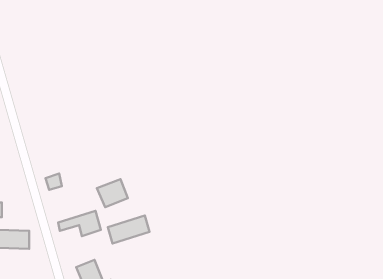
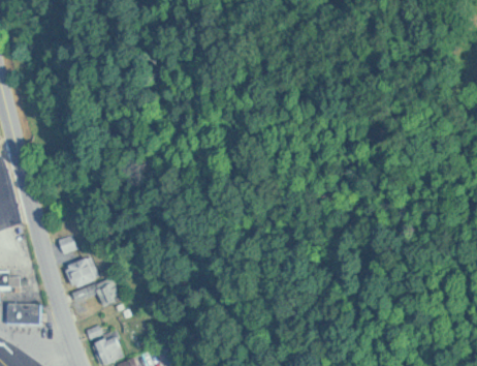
building: [97,179,128,207] -> [63,256,98,288]
building: [108,215,149,244] -> none

